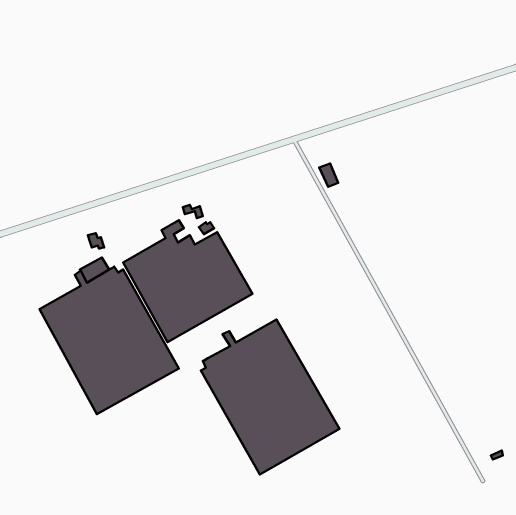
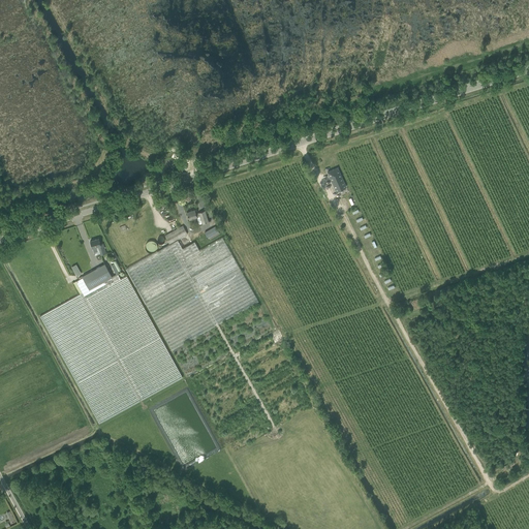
building: [201,320,340,474] -> none

